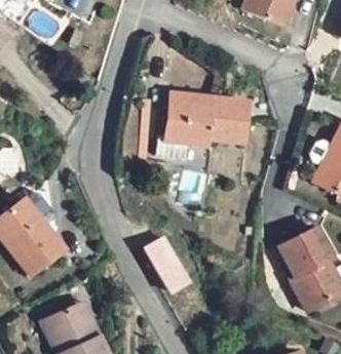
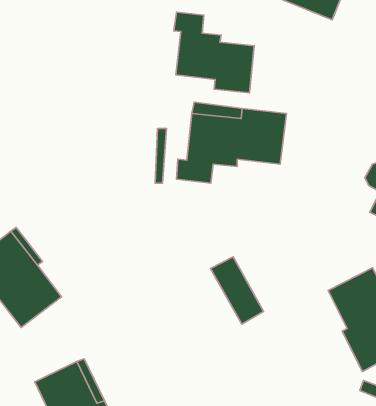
building: none -> [174,12,254,93]
building: [145,236,188,290] -> [210,257,263,324]

